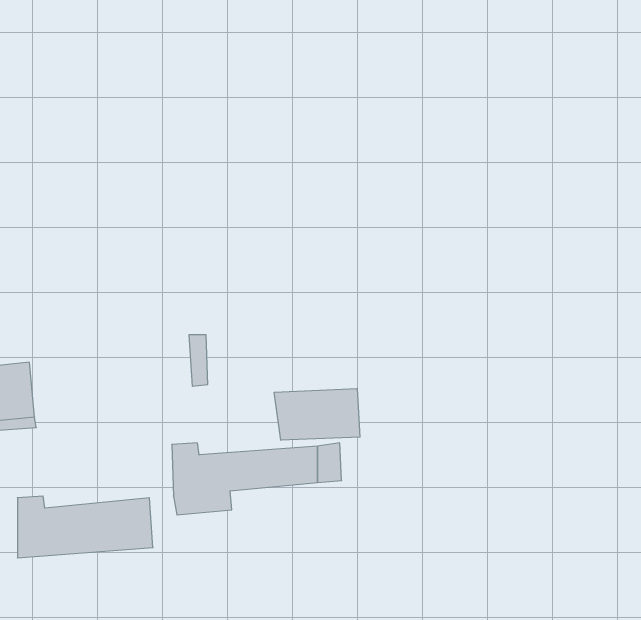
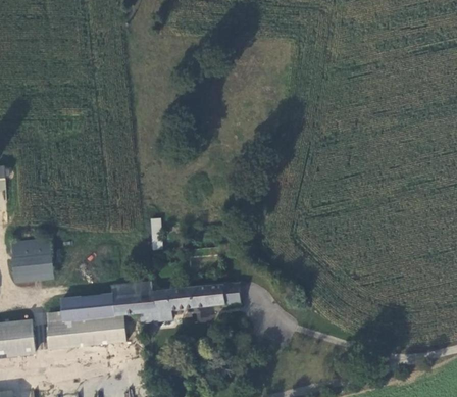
building: [274,388,360,440] -> none
building: none -> [60,282,139,319]

